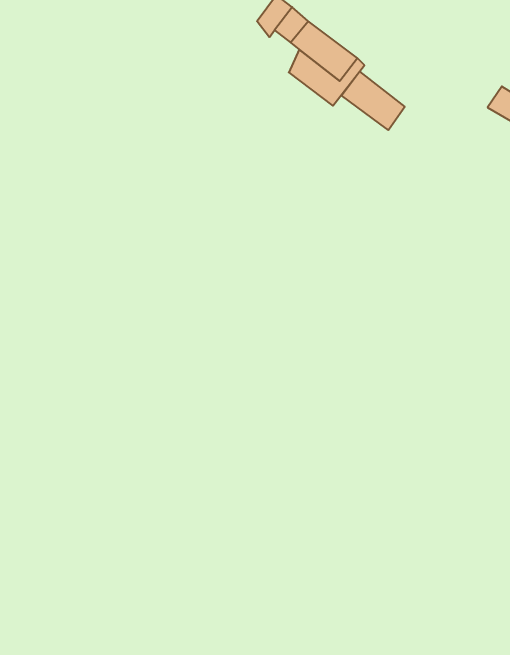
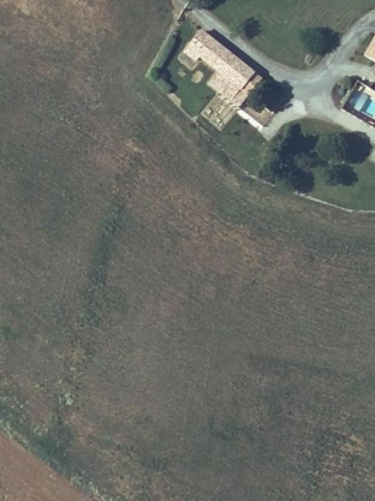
building: [341,72,405,130] -> none

